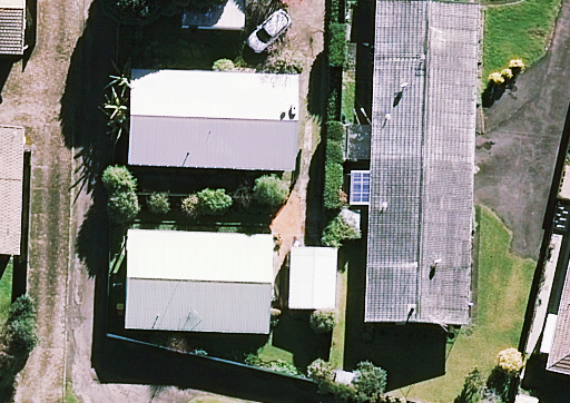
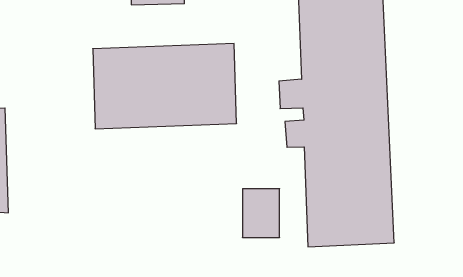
building: [125,229,271,332] -> none

